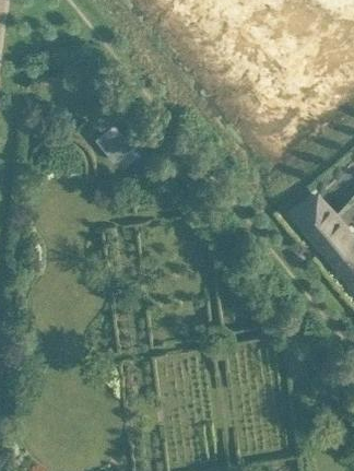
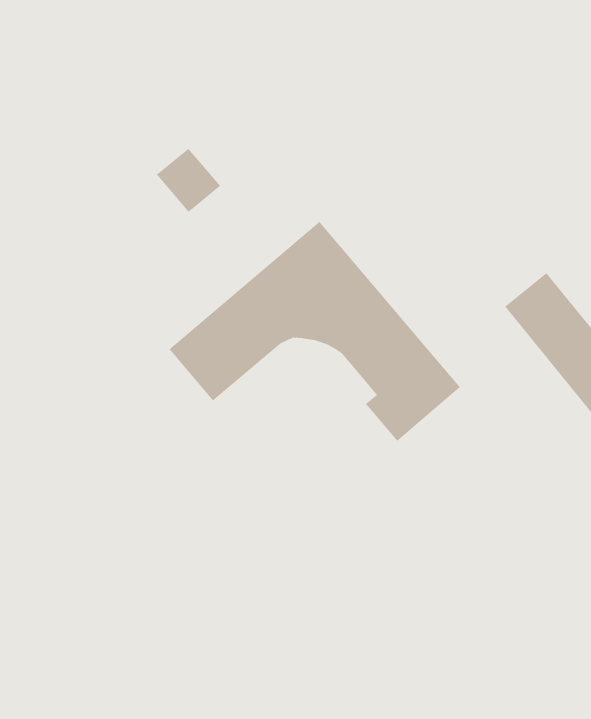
building: none -> [168,221,461,442]

